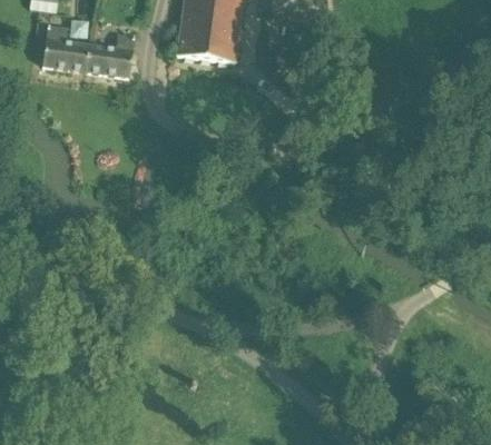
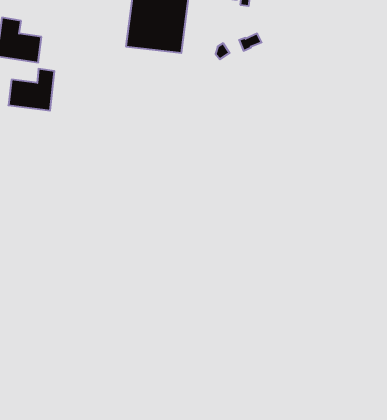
building: [86,33,134,77] -> [8,69,54,111]

